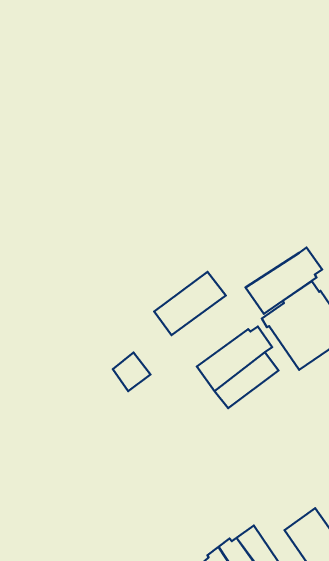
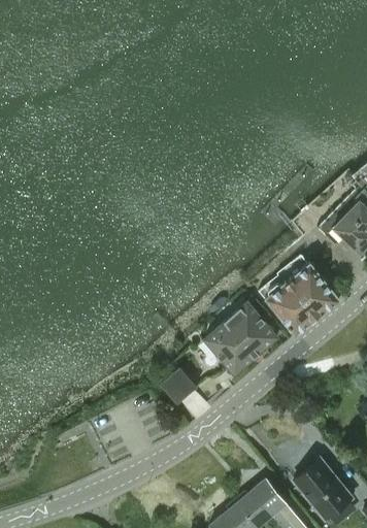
building: [246,248,322,314] -> none
building: [154,272,226,335] -> none
building: [113,352,150,391] -> [162,368,196,403]

